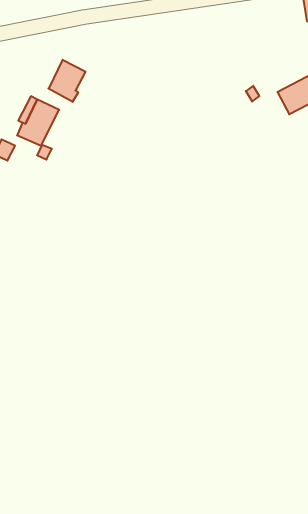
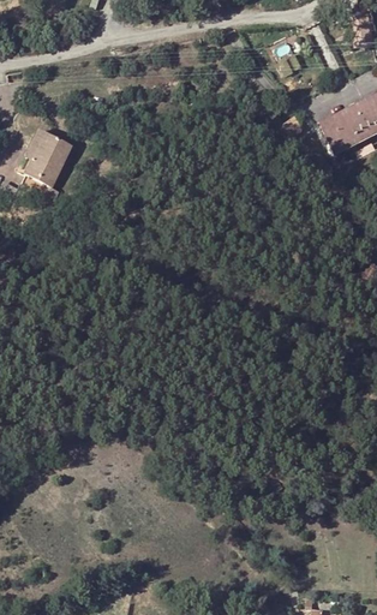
building: [48,60,85,102] -> none

